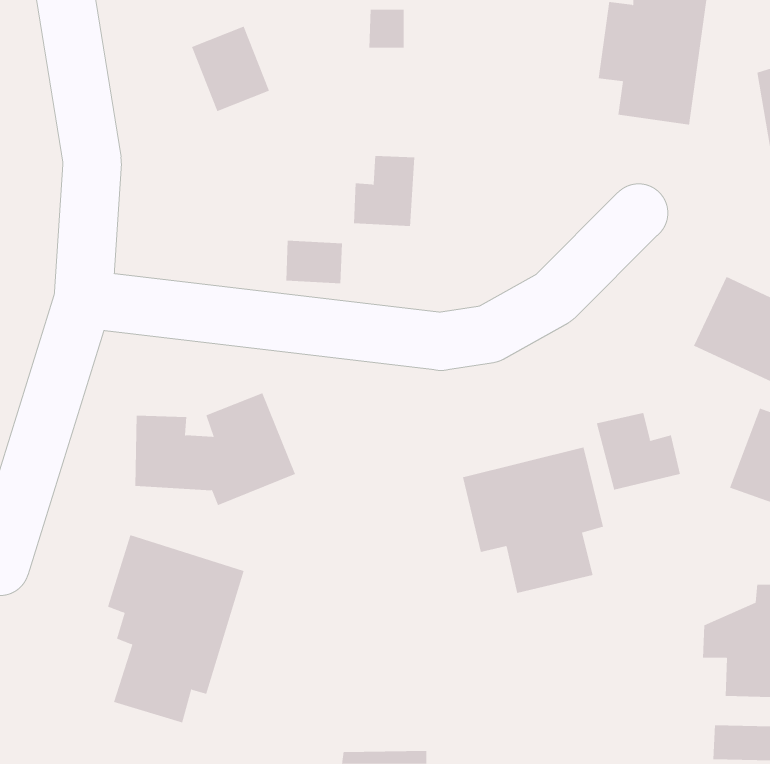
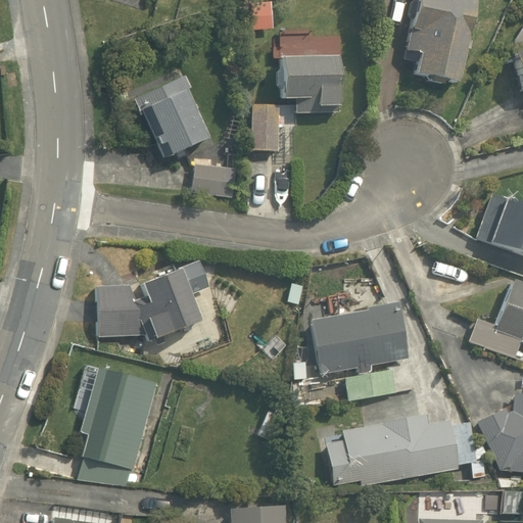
building: [191,26,270,112] -> [148,91,201,149]
building: none -> [276,32,346,117]
building: [596,412,680,491] -> none
building: none -> [331,413,462,487]

